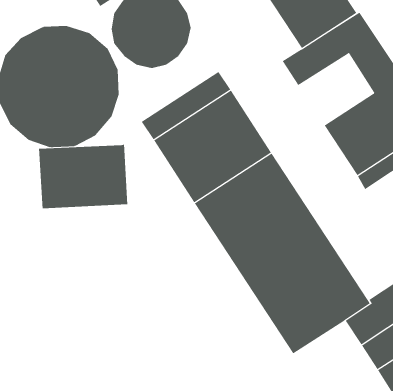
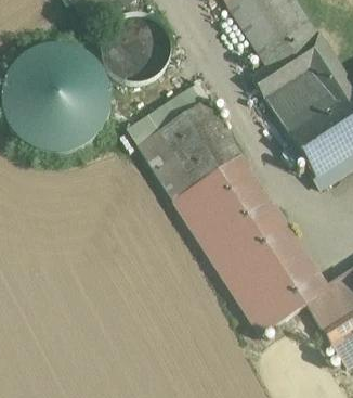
building: none -> [264,69,330,132]
building: [39,144,128,209] -> none

